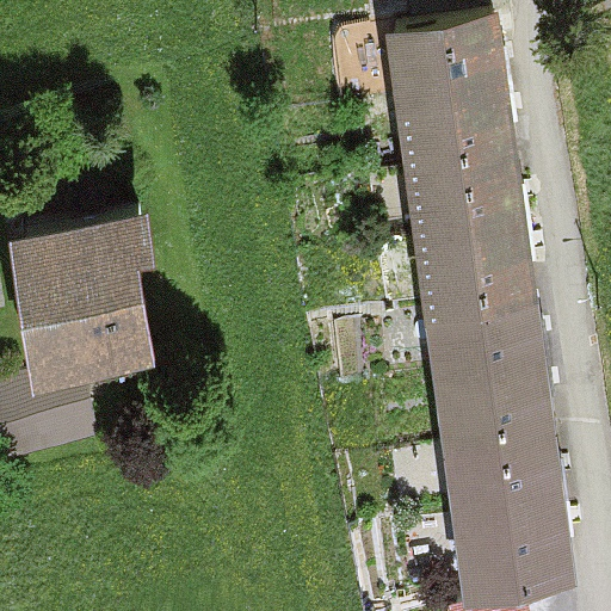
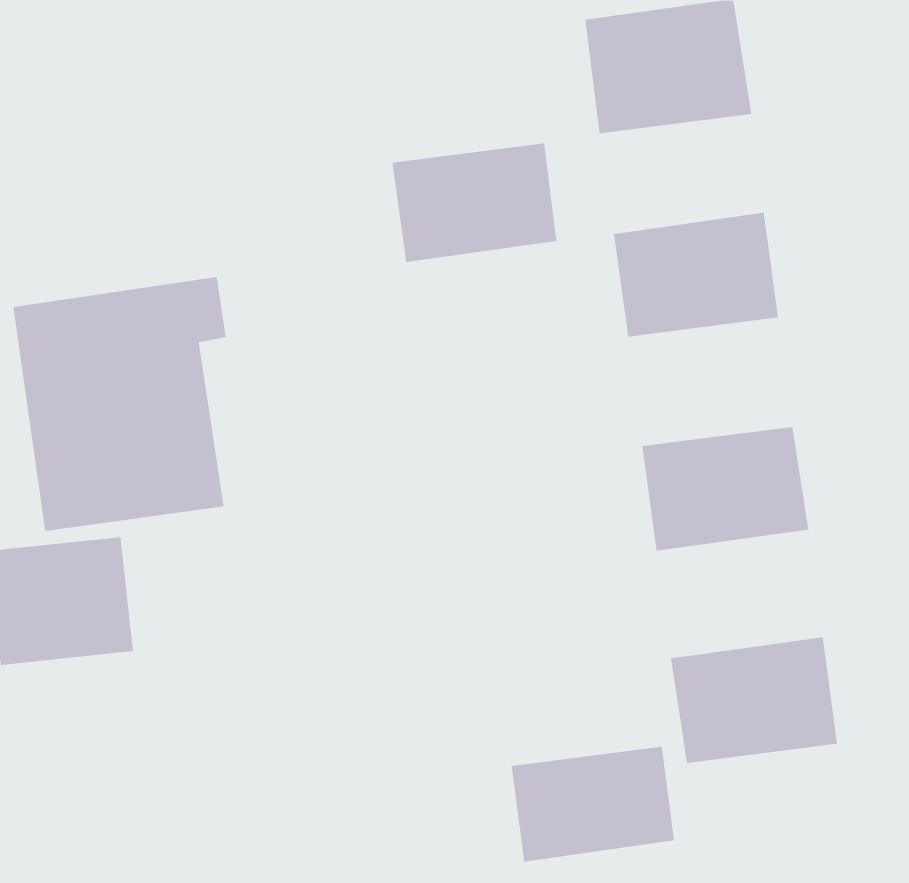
building: [401,95,512,175] -> [391,143,557,262]
building: [420,232,531,317] -> none
building: [439,374,551,459] -> none
building: [459,517,569,594] -> [511,746,675,862]

